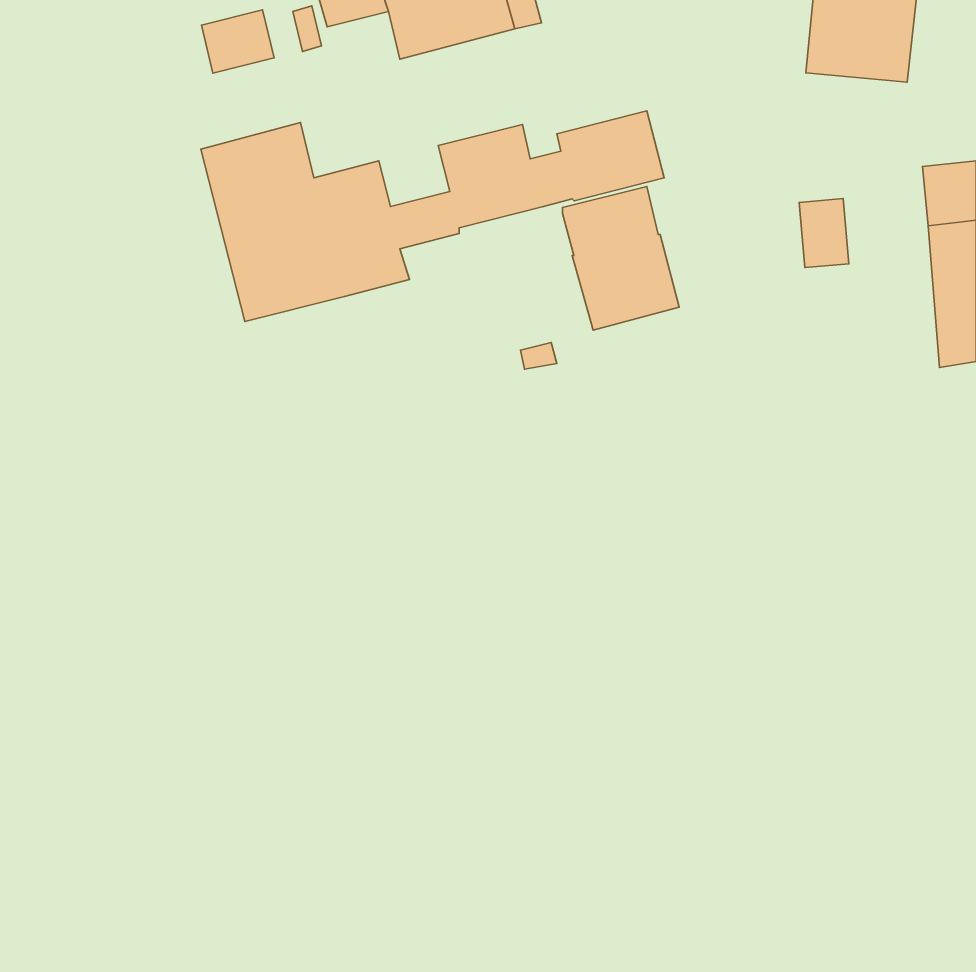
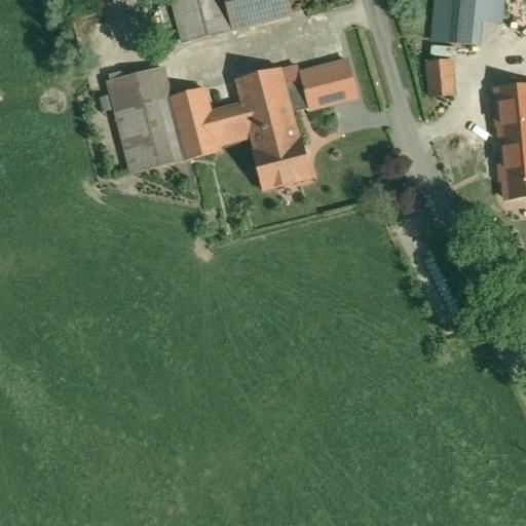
building: [201,10,274,73] -> [176,6,215,40]
building: [562,187,679,330] -> [247,111,309,188]
building: [799,199,849,267] -> [426,59,453,96]

